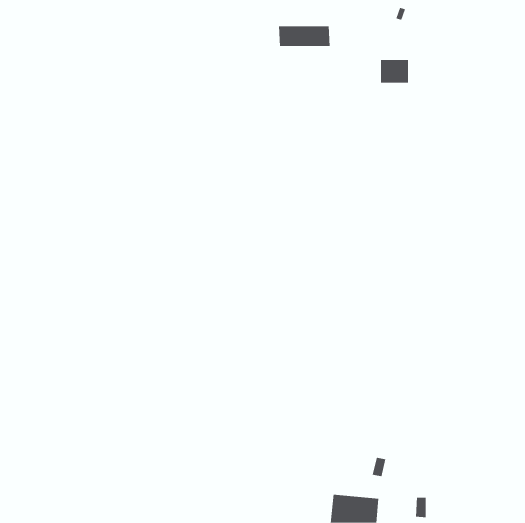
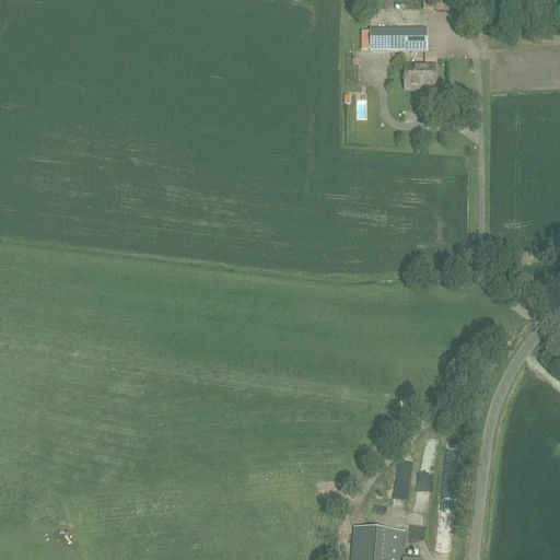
building: [278,26,331,46] -> [371,28,427,50]

